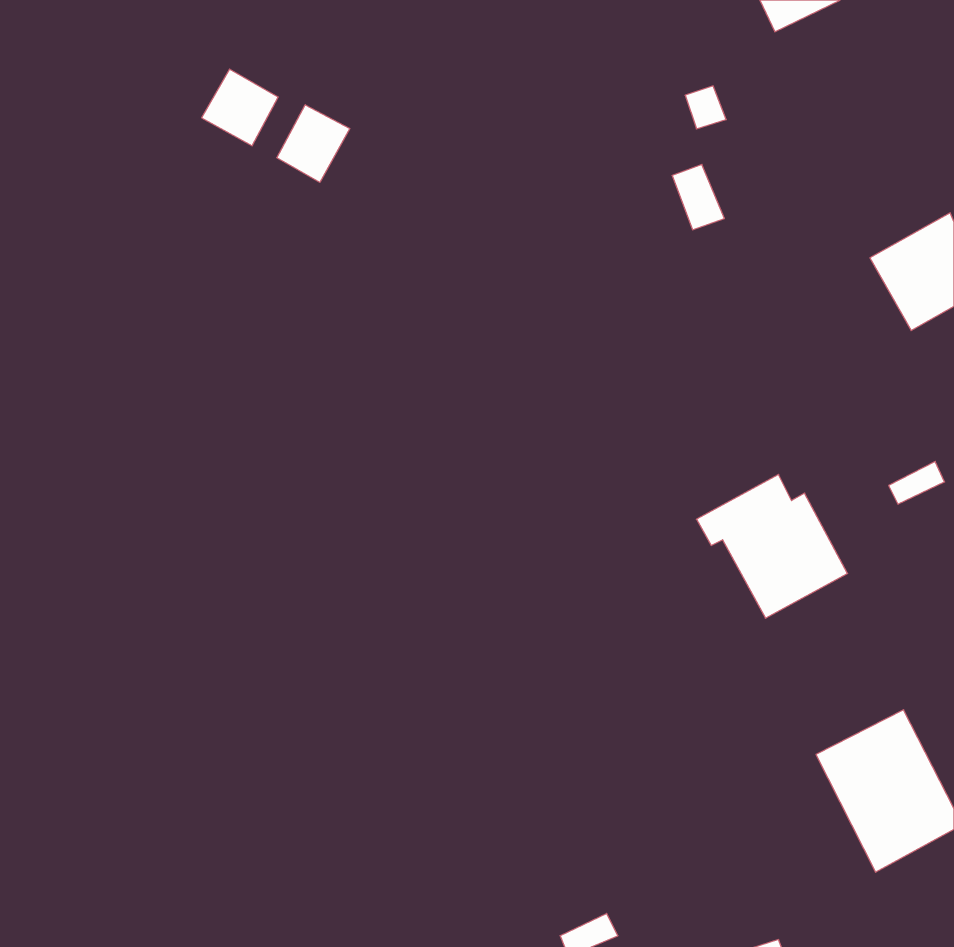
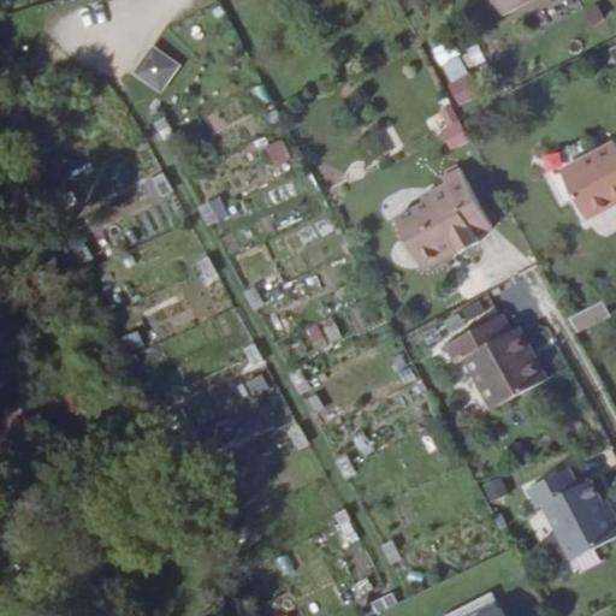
building: [277,105,350,182] -> none
building: none -> [395,161,488,259]

